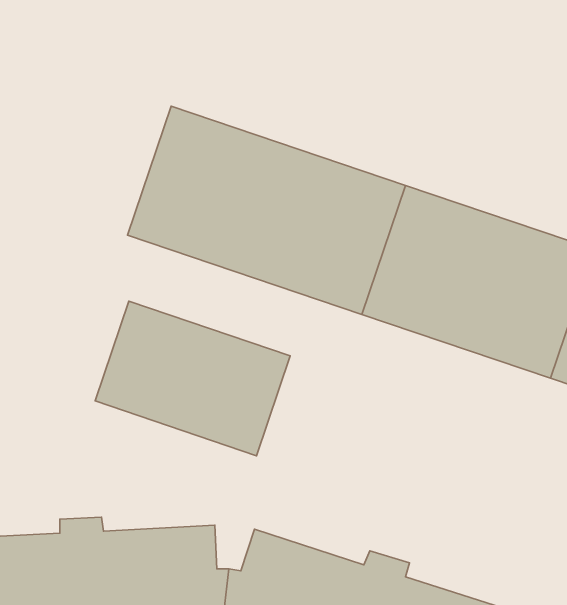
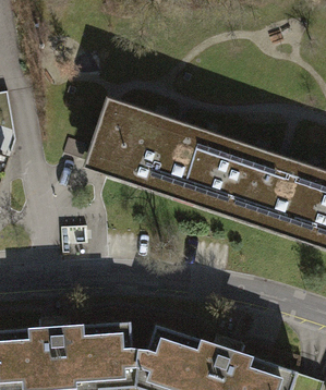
building: [95,301,290,456] -> none

